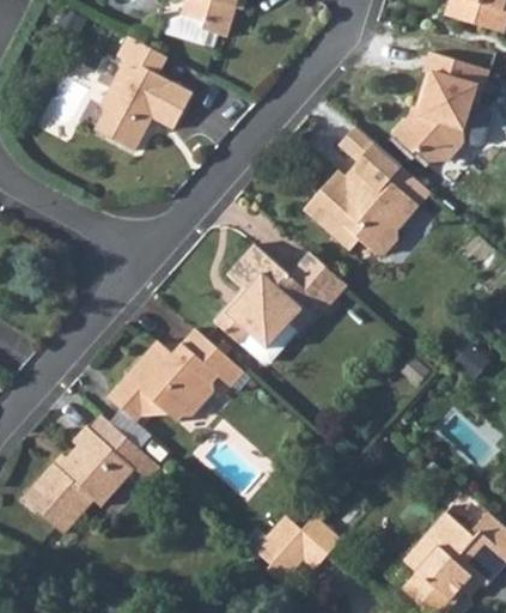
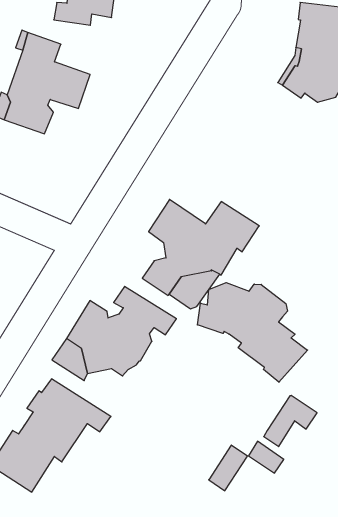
building: [306,125,420,254] -> none
building: none -> [197,283,308,382]
building: [264,530,325,583] -> [264,396,317,447]

